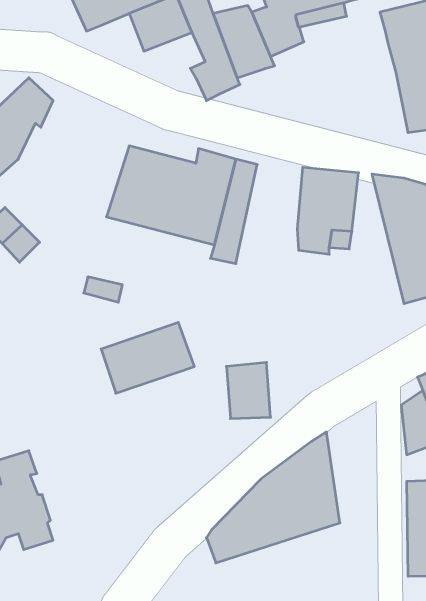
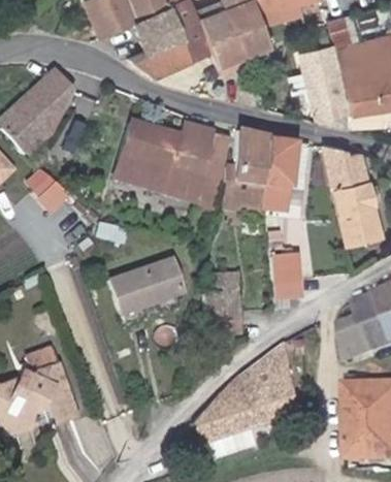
building: none -> [127,34,191,73]
building: none -> [301,42,348,118]
building: none -> [233,128,266,201]
building: none -> [267,250,297,295]

